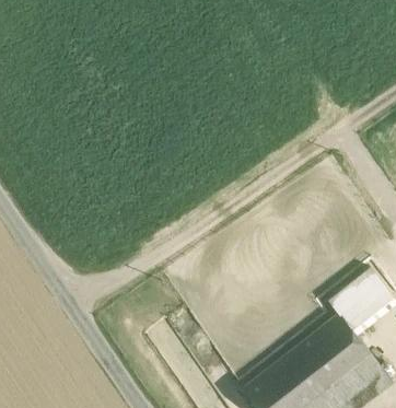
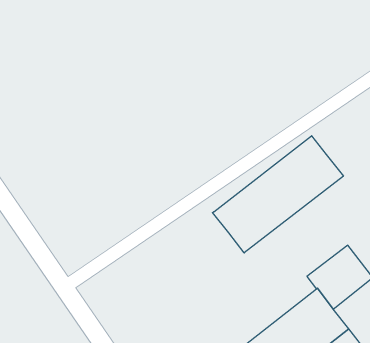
building: none -> [212,136,343,253]

